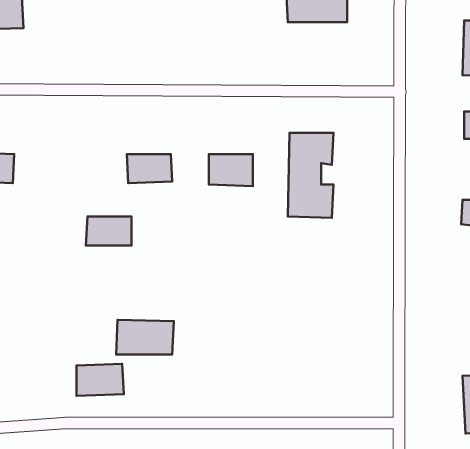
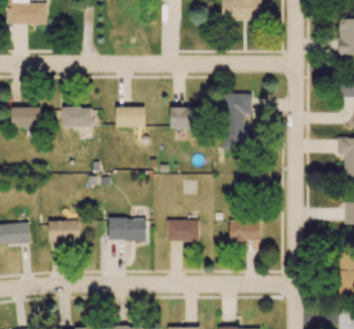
building: [86,217,132,245] -> [62,107,92,126]
building: none -> [166,219,199,240]
building: none -> [229,219,260,241]
building: [77,364,124,396] -> [48,220,80,241]

